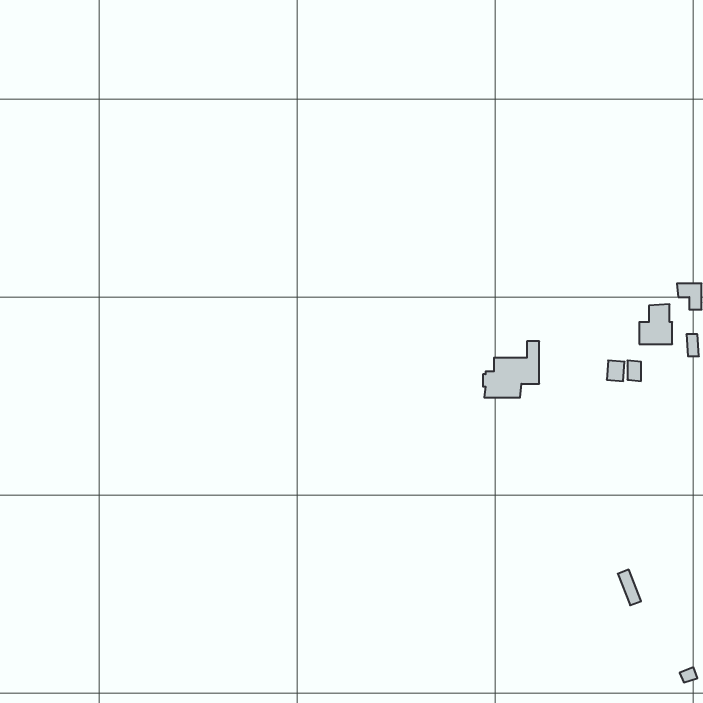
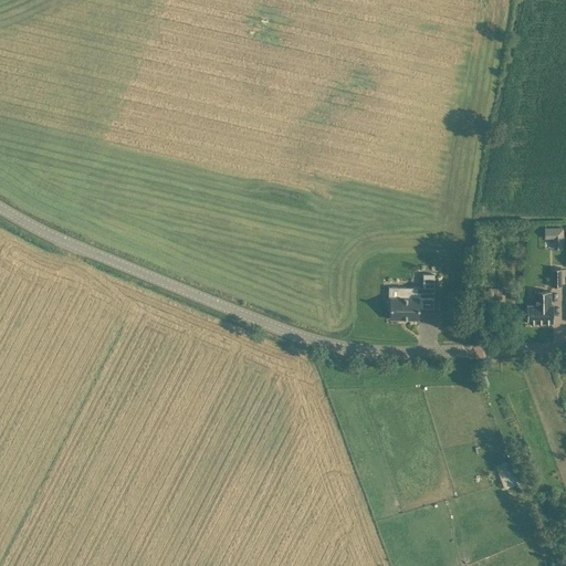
building: [639,304,672,344] -> [526,291,553,323]

